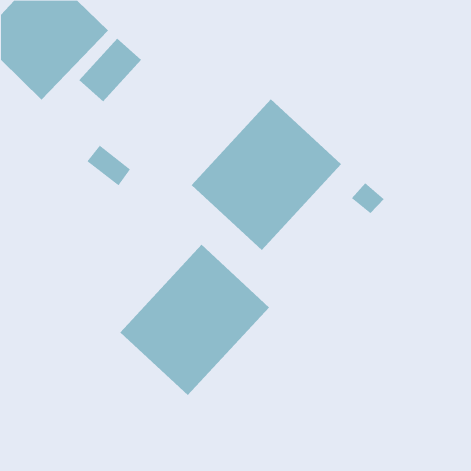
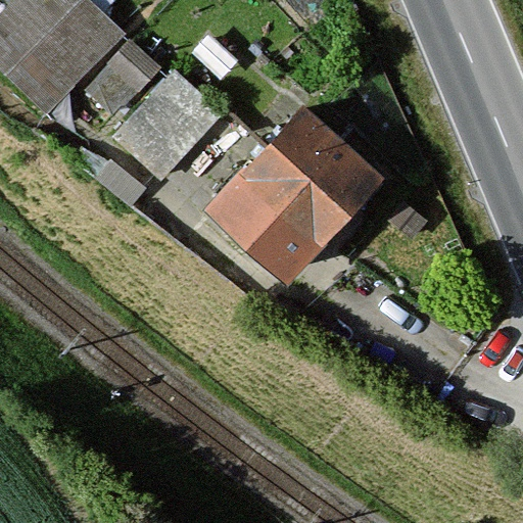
building: none -> [116,72,221,177]
building: [119,244,270,396] -> none

